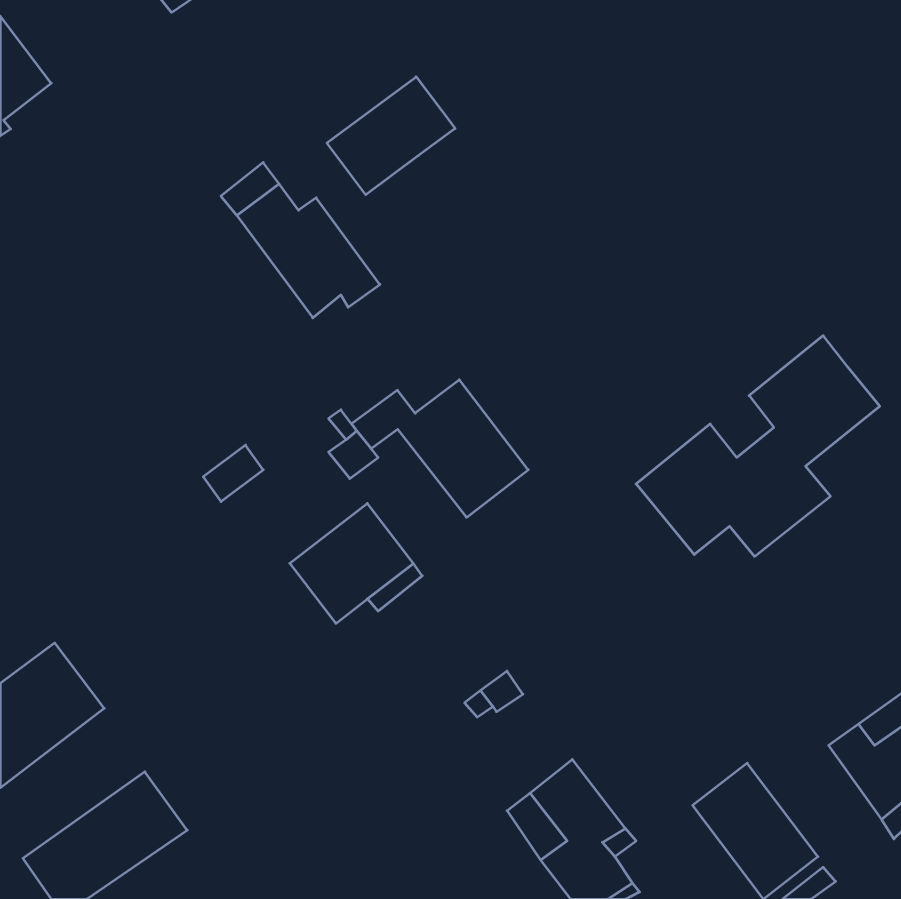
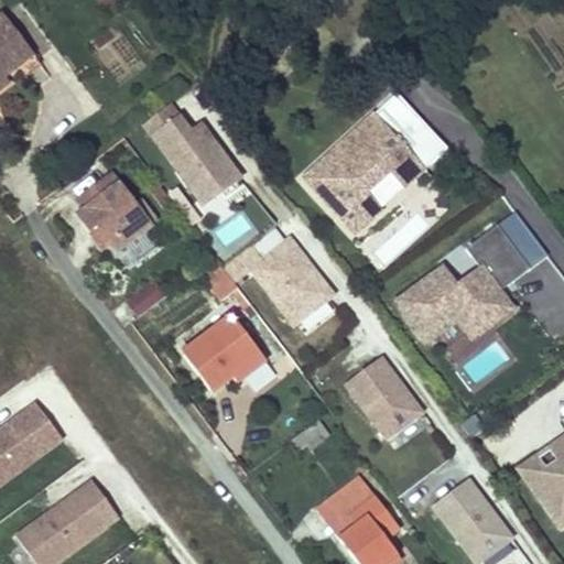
building: [327,77,455,195] -> none
building: none -> [306,96,448,232]
building: none -> [77,173,149,250]
building: none -> [344,355,421,436]

